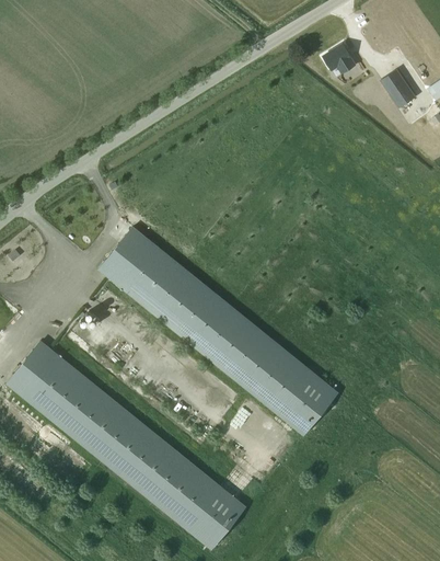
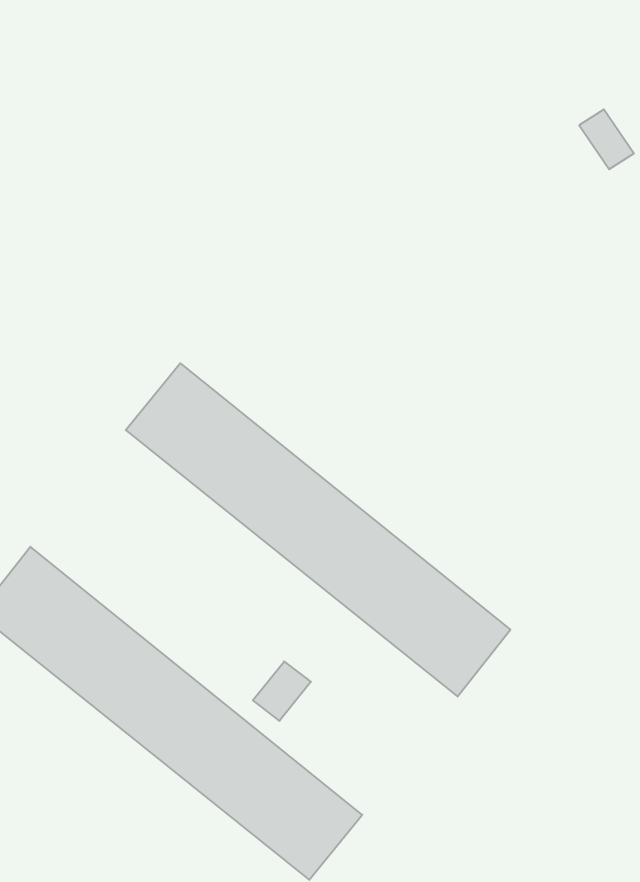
building: [322,43,354,76] -> none
building: none -> [253,661,311,721]

